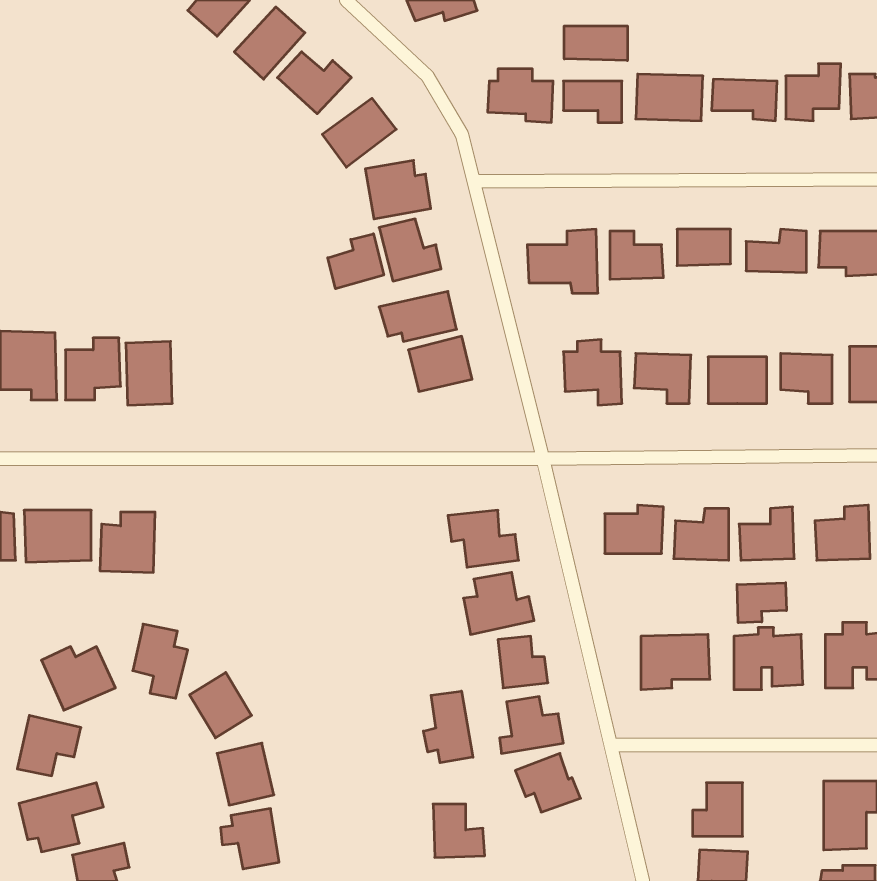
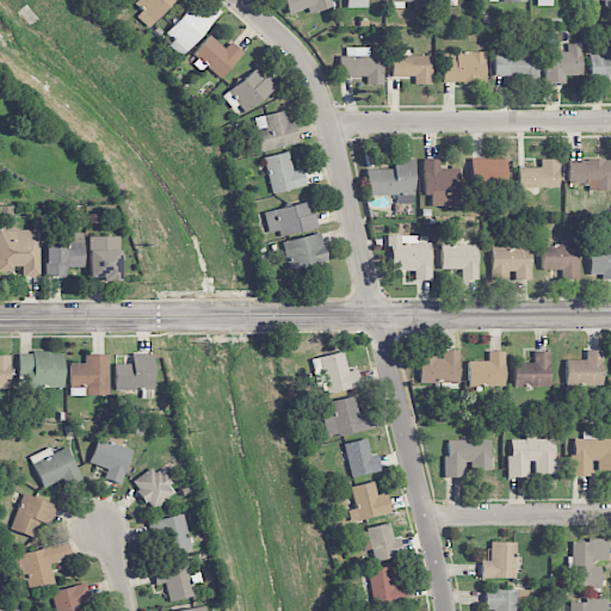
building: [564,26,627,61] -> none
building: [328,234,384,289] -> none
building: none -> [116,353,155,391]
building: [737,583,786,623] -> none
building: [423,691,473,763] -> none
building: [433,804,485,857] -> [371,568,407,605]

